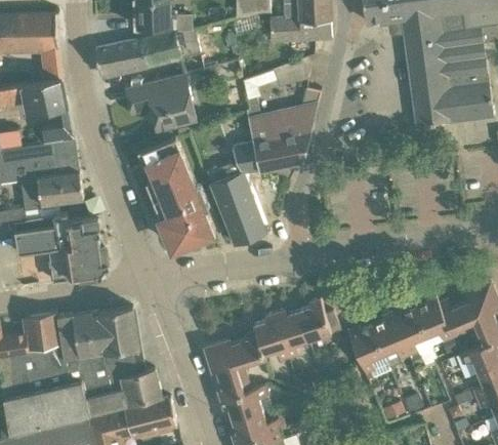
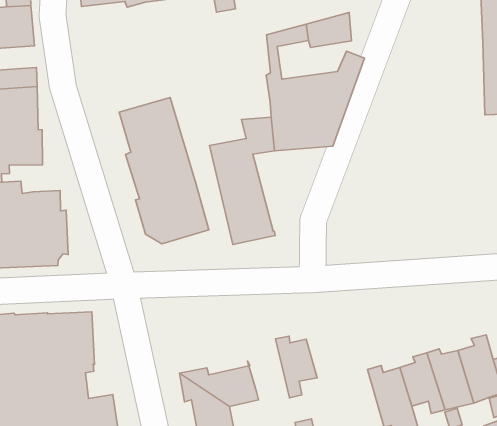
building: [125,75,196,129] -> none
building: [298,299,341,340] -> none
building: [253,314,290,361] -> none

